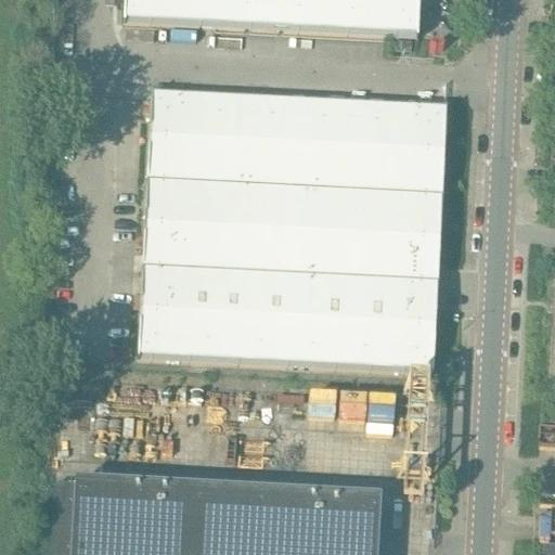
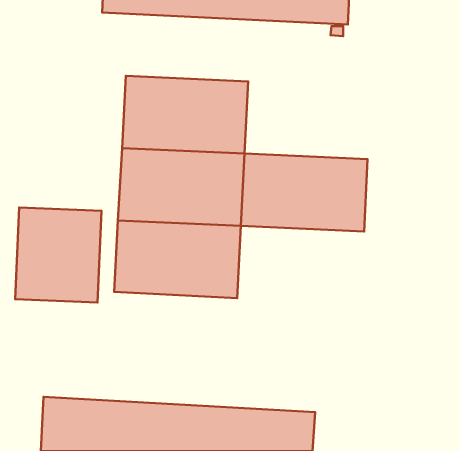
building: [296,98,448,191] -> none
building: none -> [15,207,102,303]
building: [287,271,439,365] -> none

